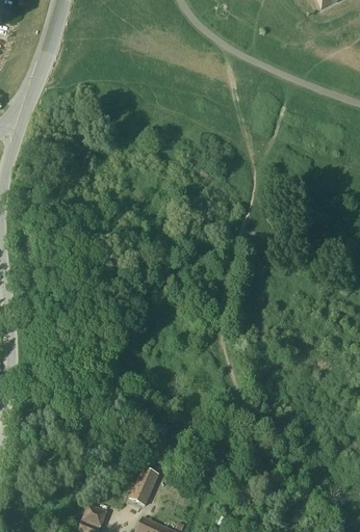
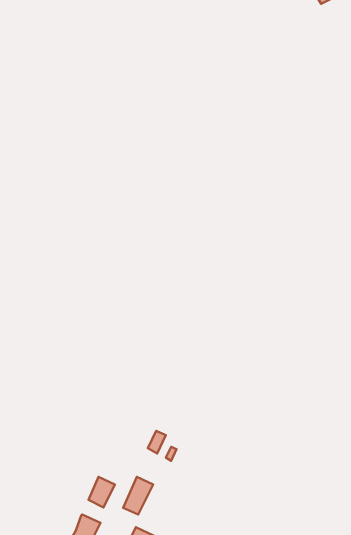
building: none -> [89,477,115,507]

